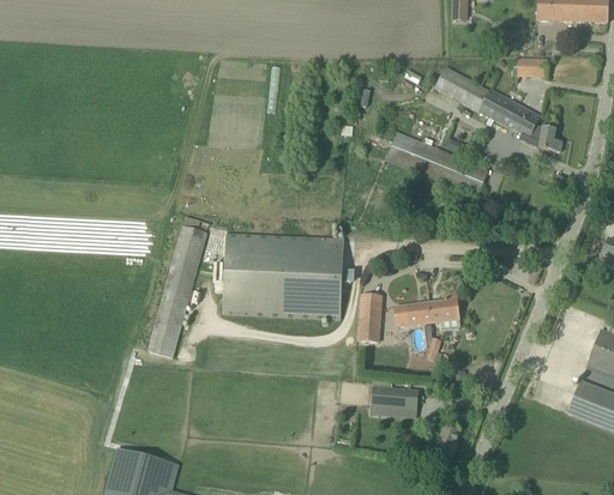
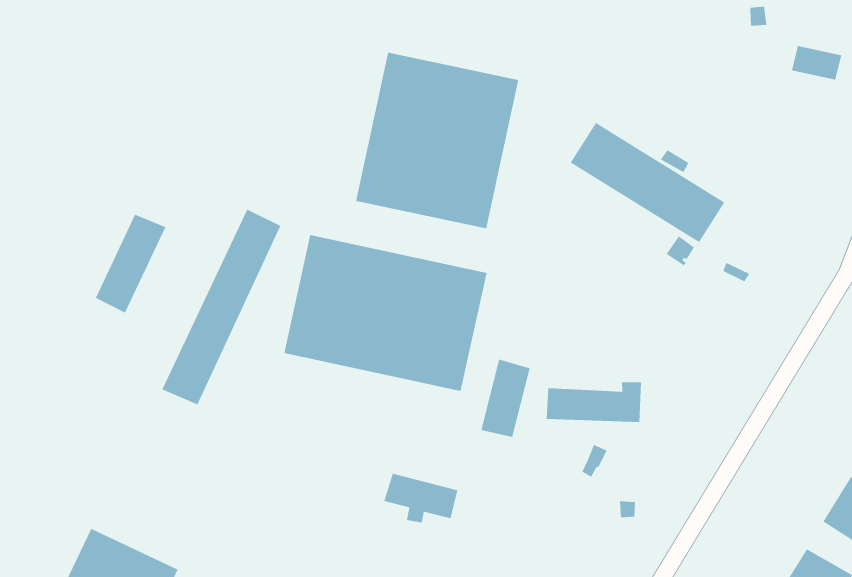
building: [435,65,562,151] -> none
building: none -> [356,52,519,229]
building: none -> [95,214,166,313]
building: [371,386,417,415] -> [383,473,458,523]

